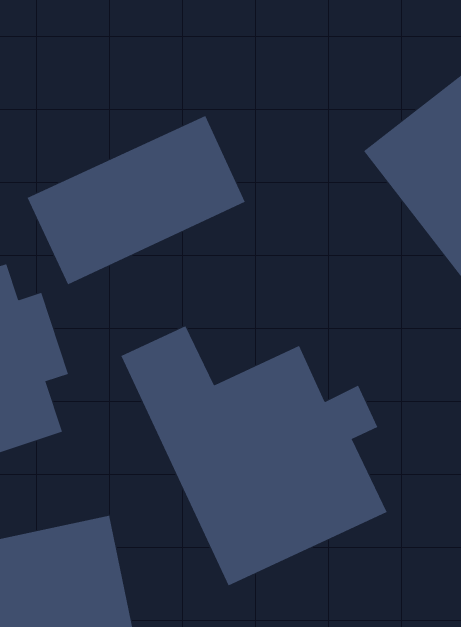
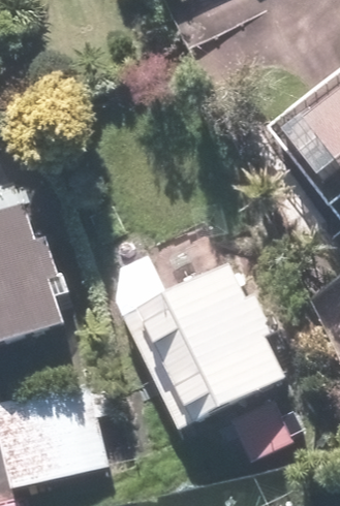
building: [27,115,246,285] -> none

